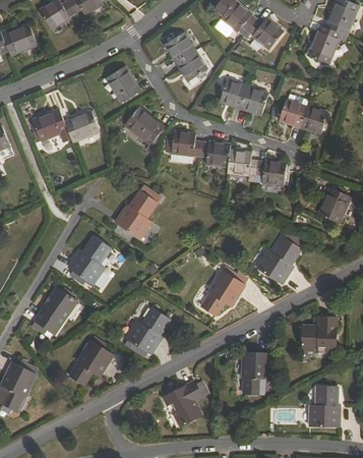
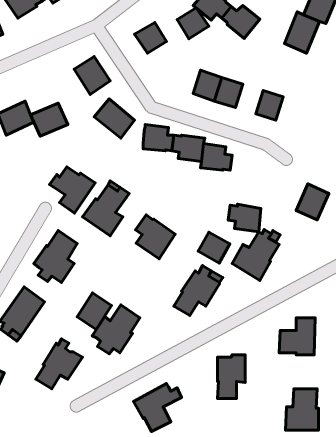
building: [176,52,206,81] -> [177,8,209,39]
building: [299,105,326,134] -> none
building: [255,160,287,186] -> [228,204,261,232]
building: none -> [49,167,95,213]
building: none -> [135,215,175,259]
building: none -> [198,232,230,263]
building: none -> [77,293,112,330]

